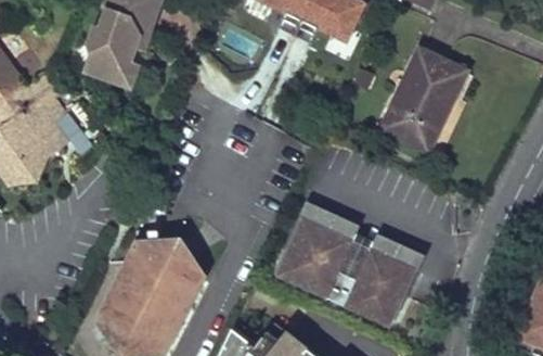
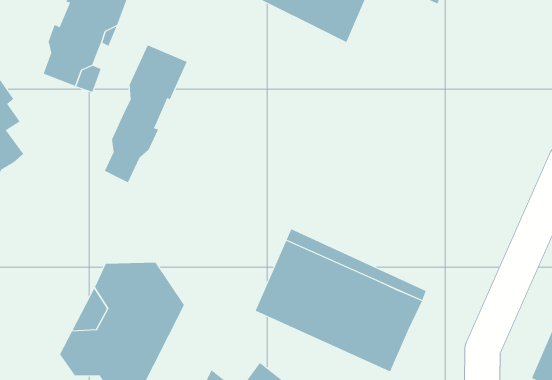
building: none -> [104,44,188,183]
building: [384,50,462,150] -> none

